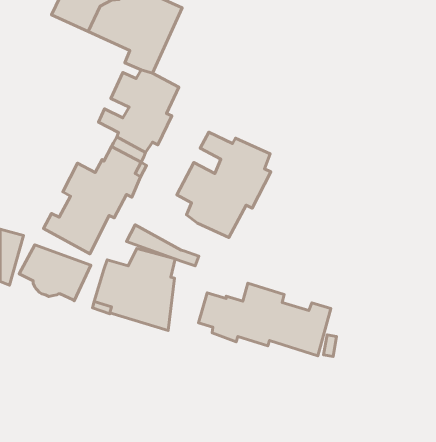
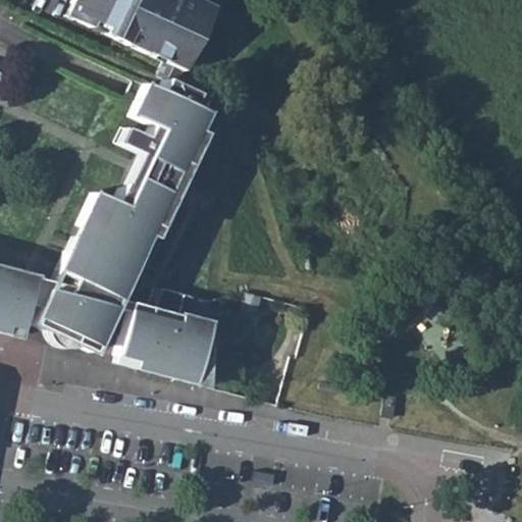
building: [177,132,271,238] -> none
building: [126,225,199,266] -> [52,267,137,315]
building: [198,283,331,356] -> none

